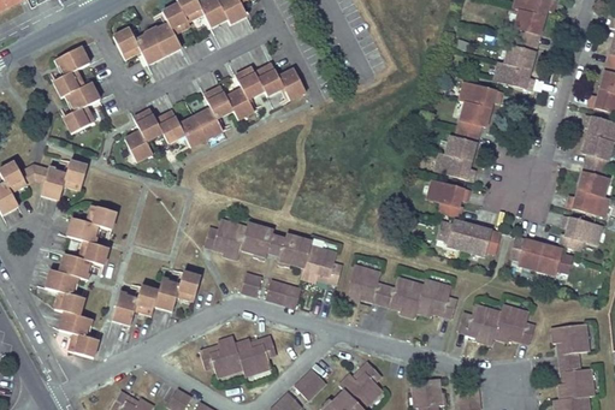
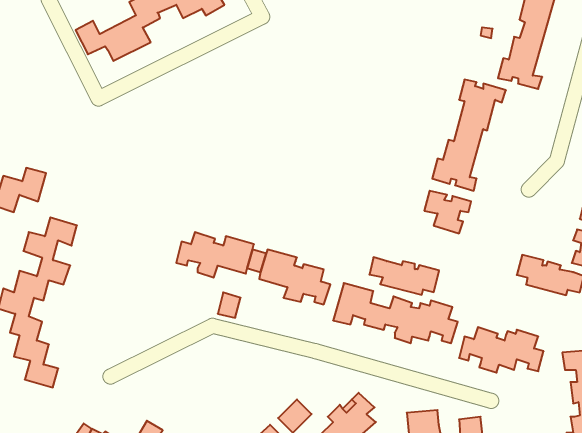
building: [54,46,100,133] -> none
building: [125,64,307,161] -> none
building: [437,222,499,256] -> [369,257,439,295]
building: [113,272,201,325] -> none
building: [266,280,301,308] -> none
building: [200,337,277,376] -> none

